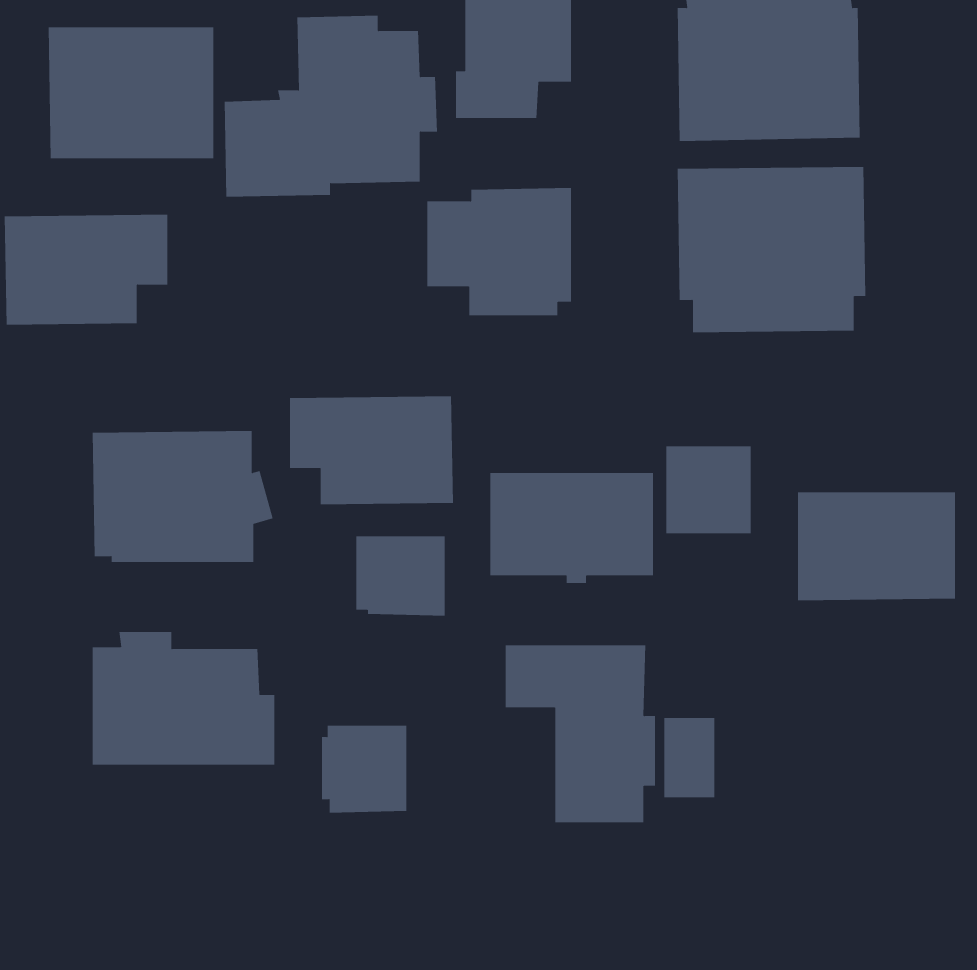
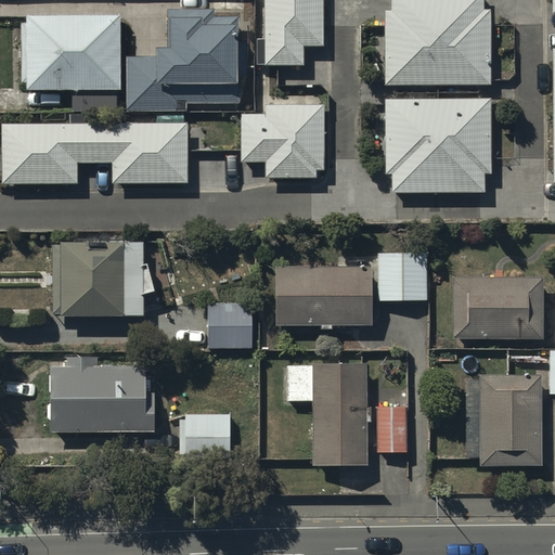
building: [289,396,454,505] -> [95,120,189,182]
building: none -> [464,375,541,467]

